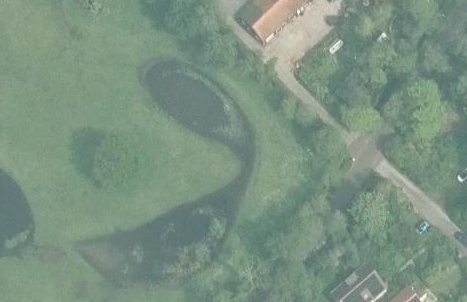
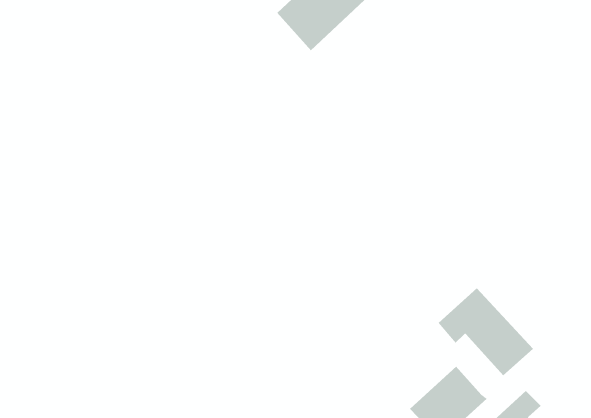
building: none -> [438,287,534,376]

